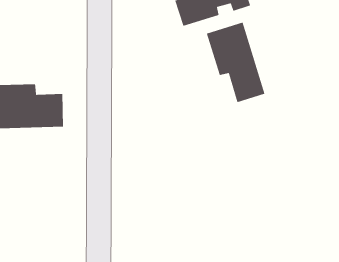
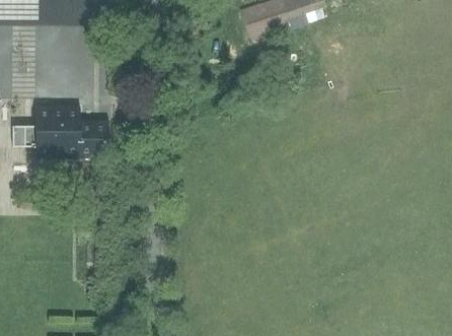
building: [206,21,266,103] -> none

